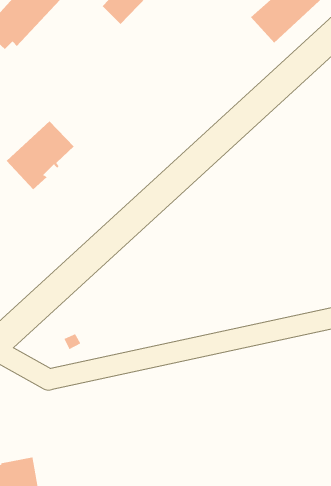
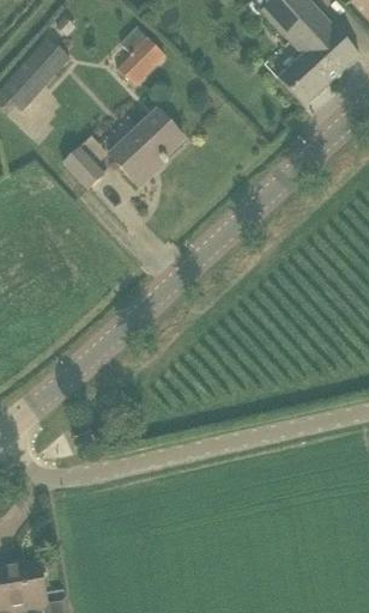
building: none -> [63,145,103,186]
building: [6,120,75,190] -> [109,108,184,184]

